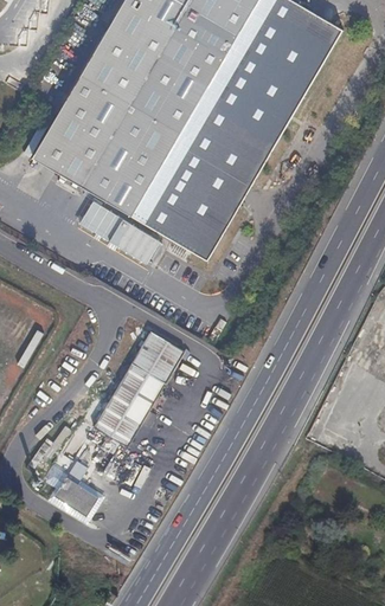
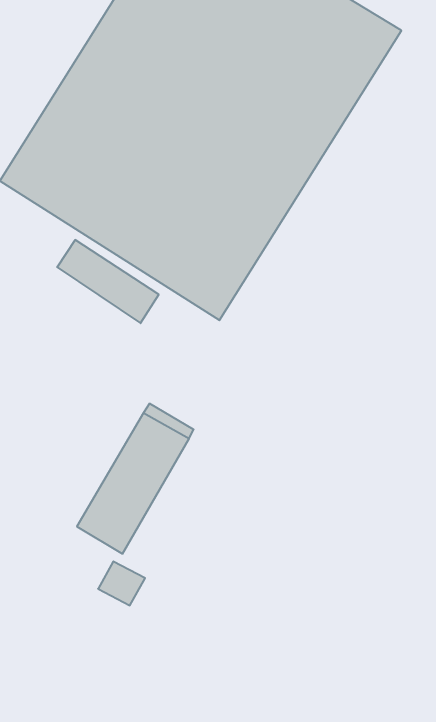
building: [52,473,97,511] -> none

